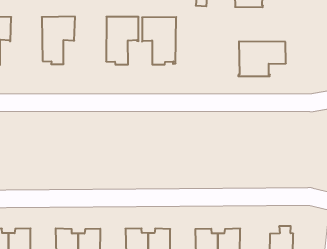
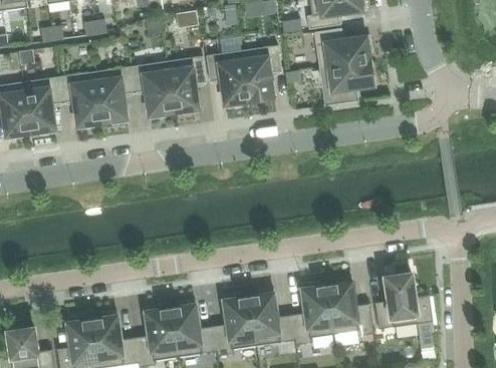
building: none -> [313,28,370,67]
building: none -> [131,61,173,118]
building: none -> [244,45,281,102]
building: none -> [59,72,101,128]

